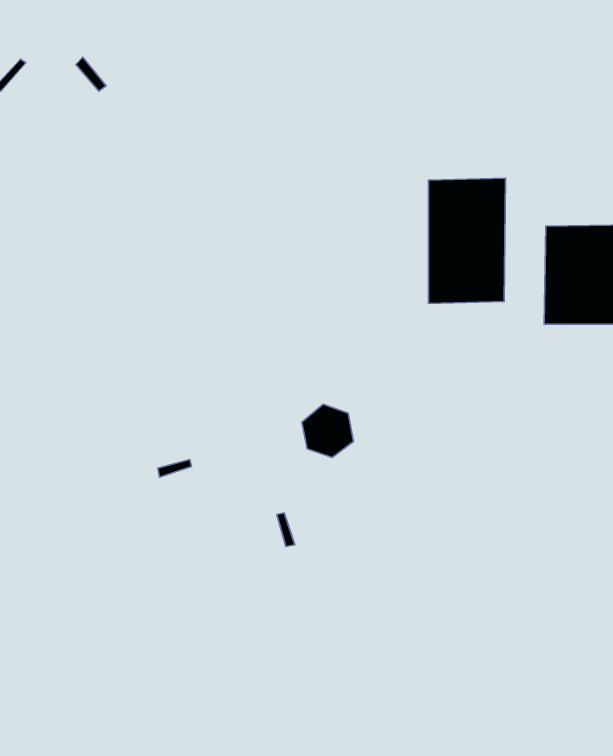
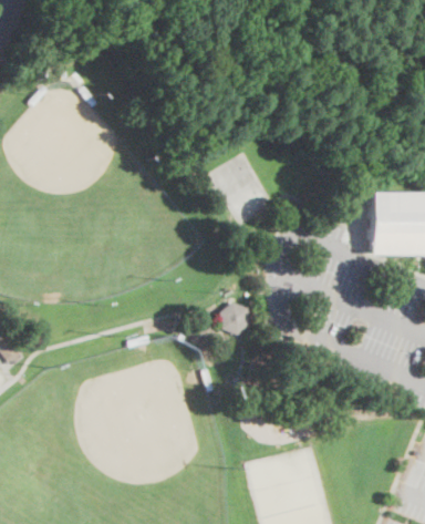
building: [428,178,505,303] -> none

